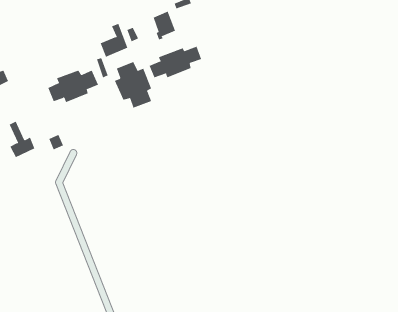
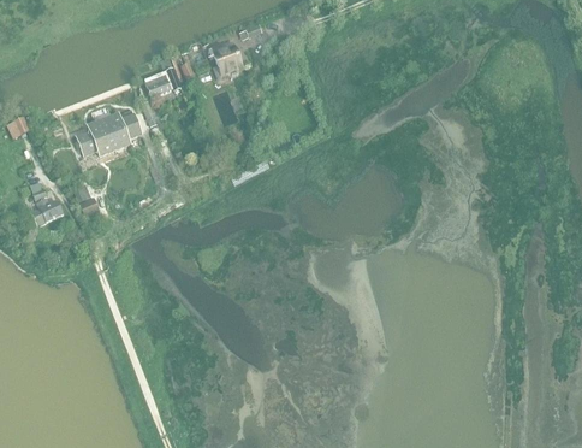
building: [149,46,202,78] -> none
building: [114,61,152,109] -> none

